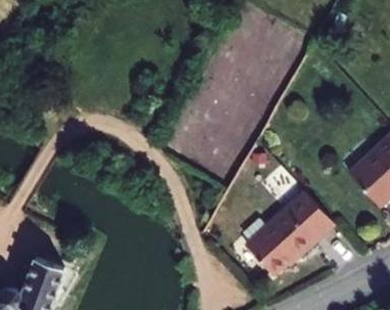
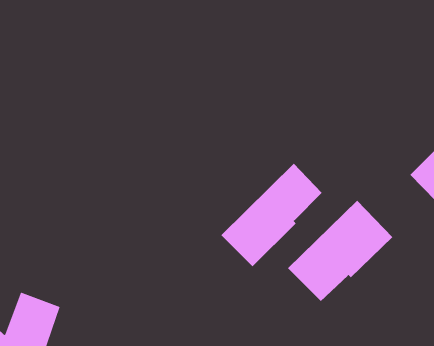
building: none -> [220,163,323,267]

